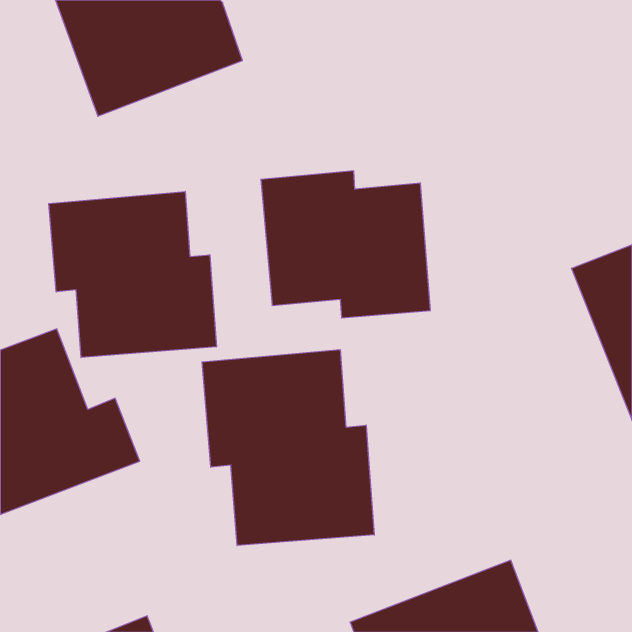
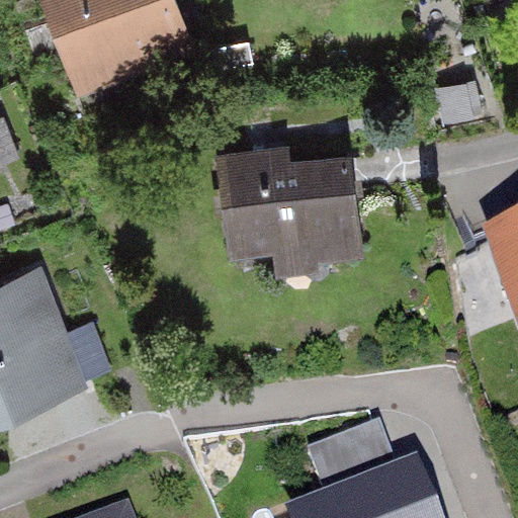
building: [49,191,216,358] -> none
building: [202,350,374,546] -> none

